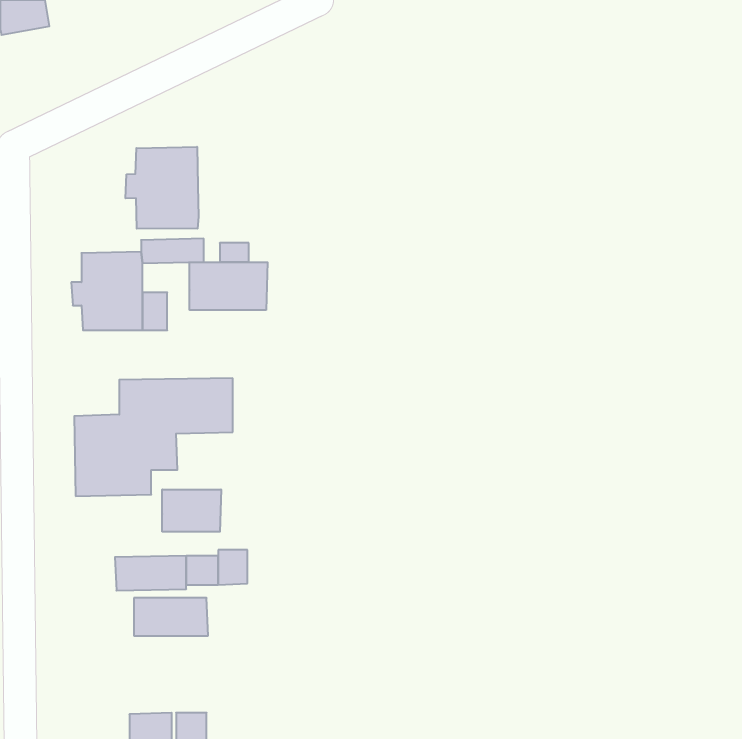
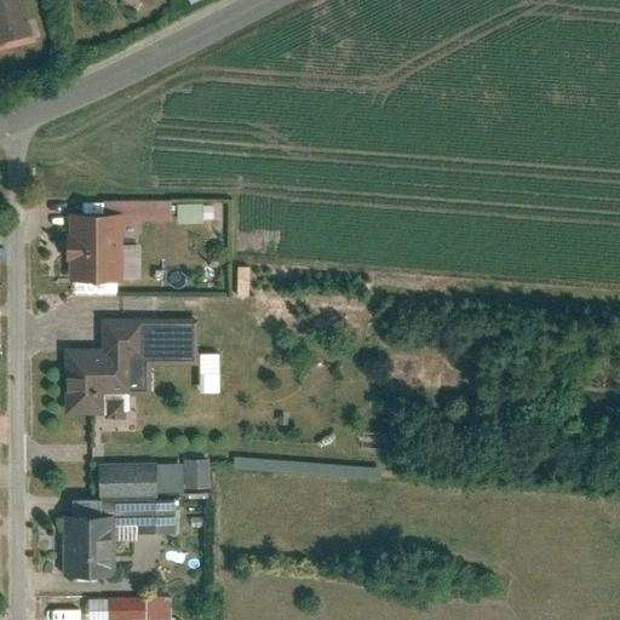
building: [126,147,199,229] -> none
building: [190,262,268,310] -> none
building: [162,489,221,532] -> none
building: none -> [62,515,114,575]

